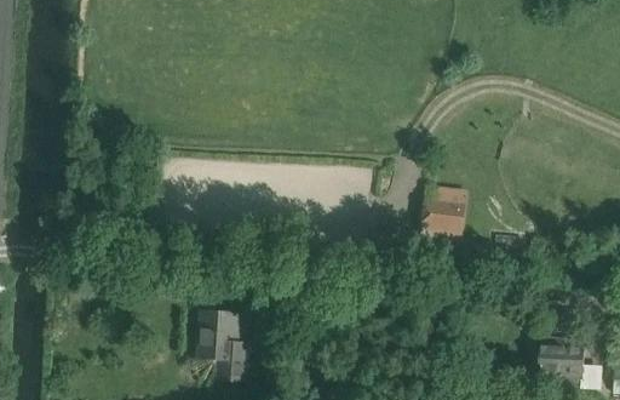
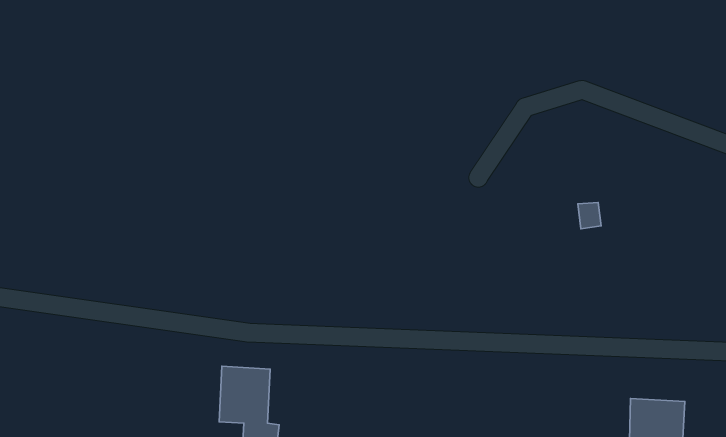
building: [423,200,465,234] -> none

